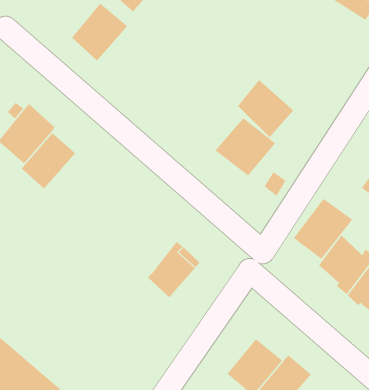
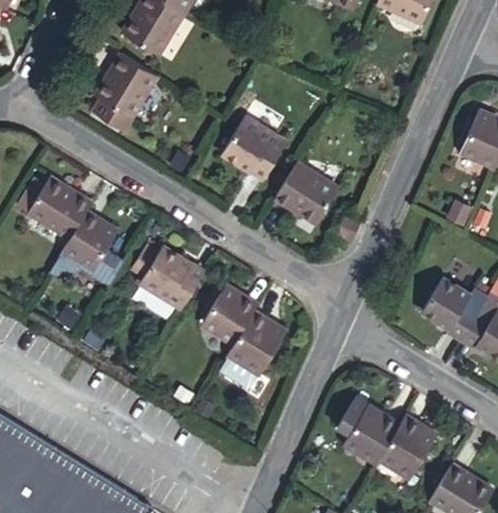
building: [237,79,294,138] -> [221,116,287,180]
building: none -> [136,244,207,315]
building: [293,198,353,260] -> none
building: none -> [192,281,257,351]

